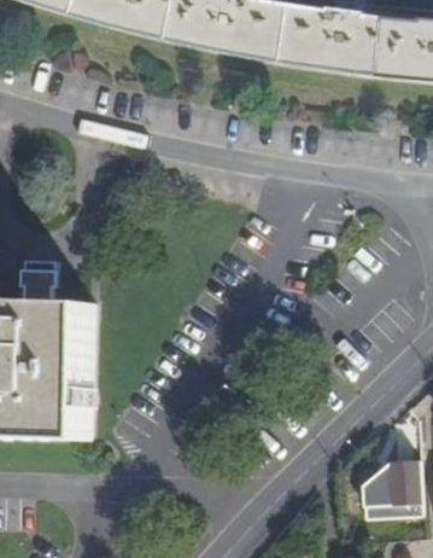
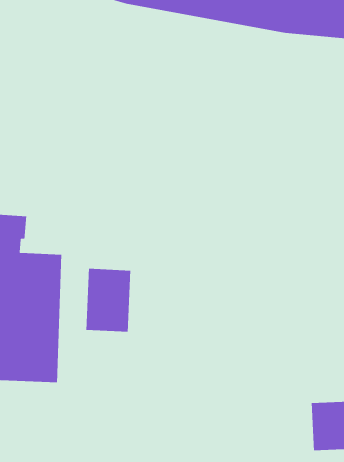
building: none -> [86,268,131,333]

